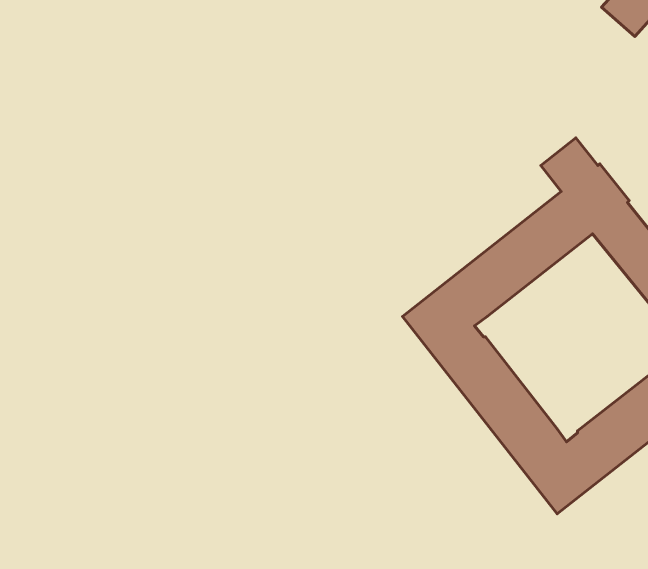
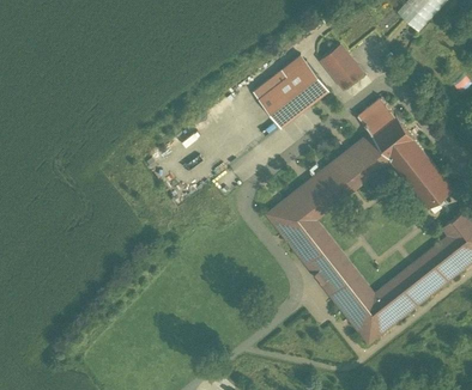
building: none -> [319,43,362,89]
building: none -> [252,54,327,127]

